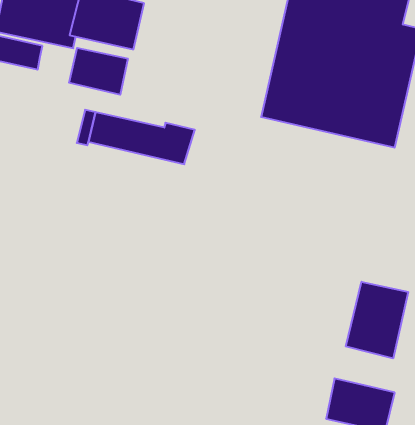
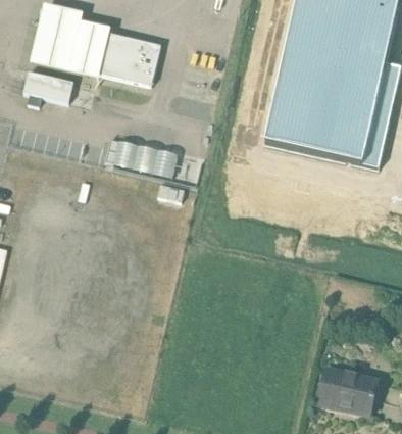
building: [69,48,128,95] -> none
building: [346,282,408,358] -> none

